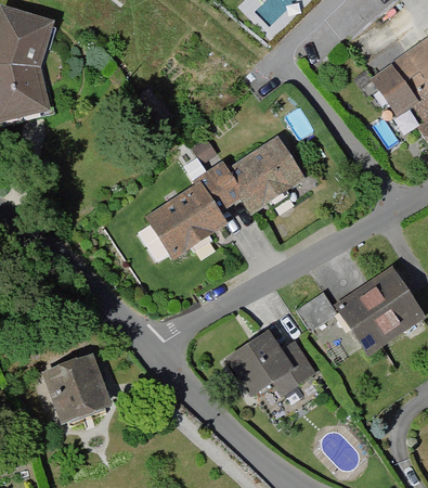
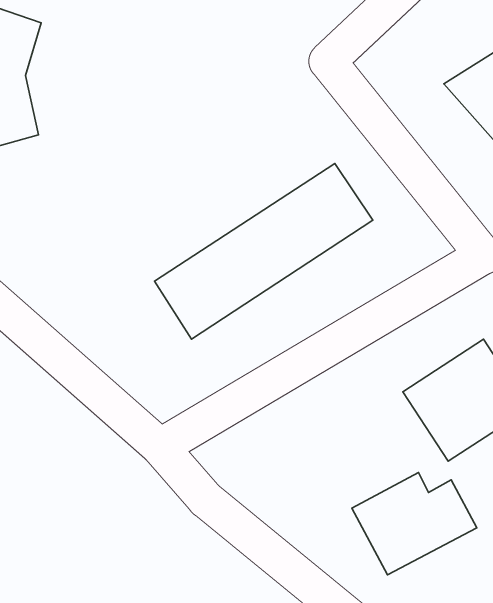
building: [297,292,338,332] -> none
building: [221,331,316,409] -> [352,473,477,575]
building: [37,350,113,425] -> none

